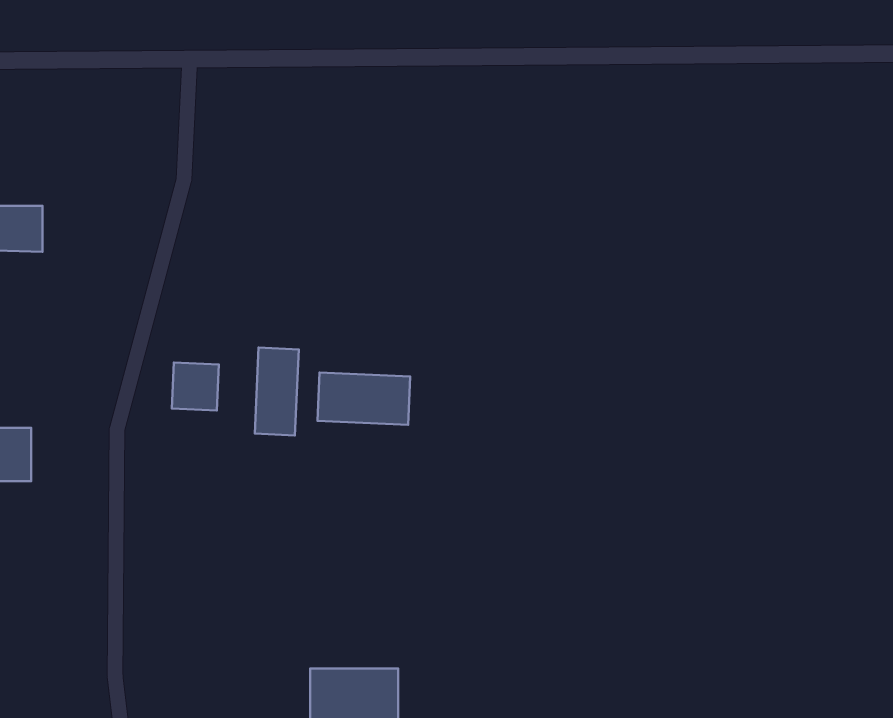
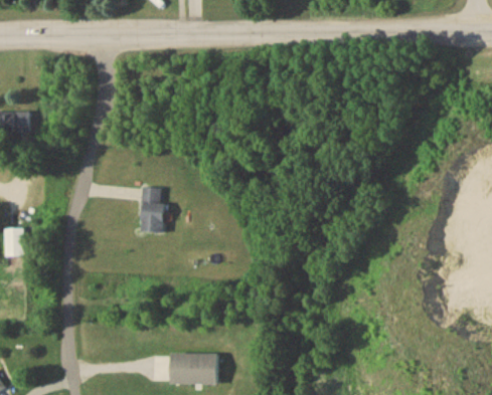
building: [172,363,219,411] -> none
building: [317,372,410,425] -> none

